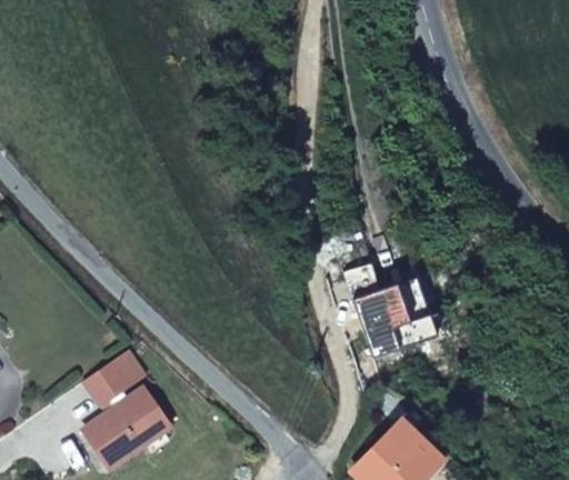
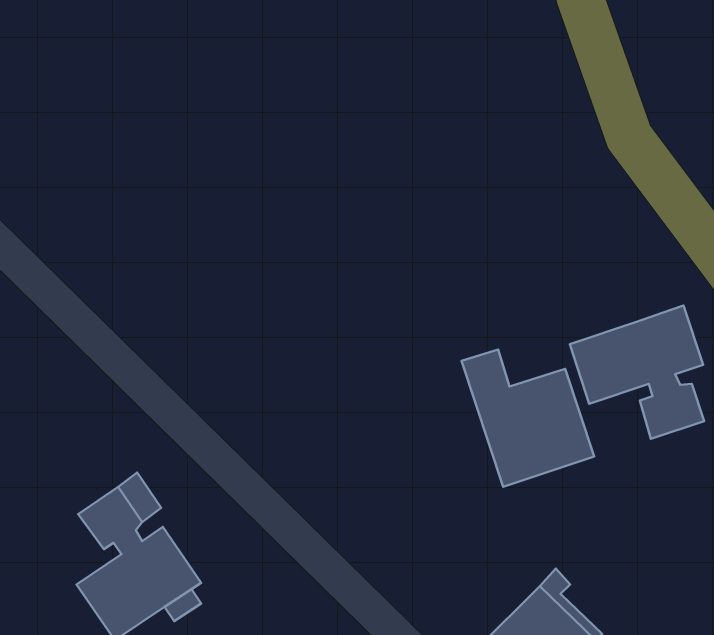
building: none -> [570,305,704,439]

